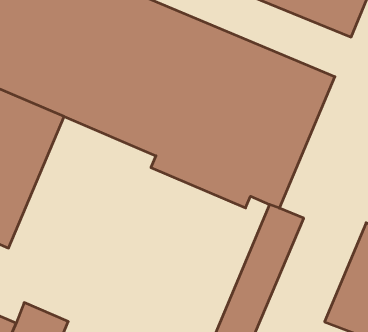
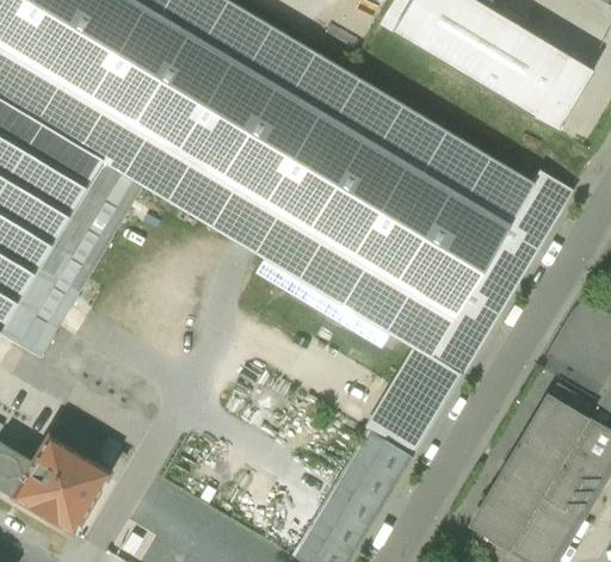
building: none -> [428,171,573,376]

